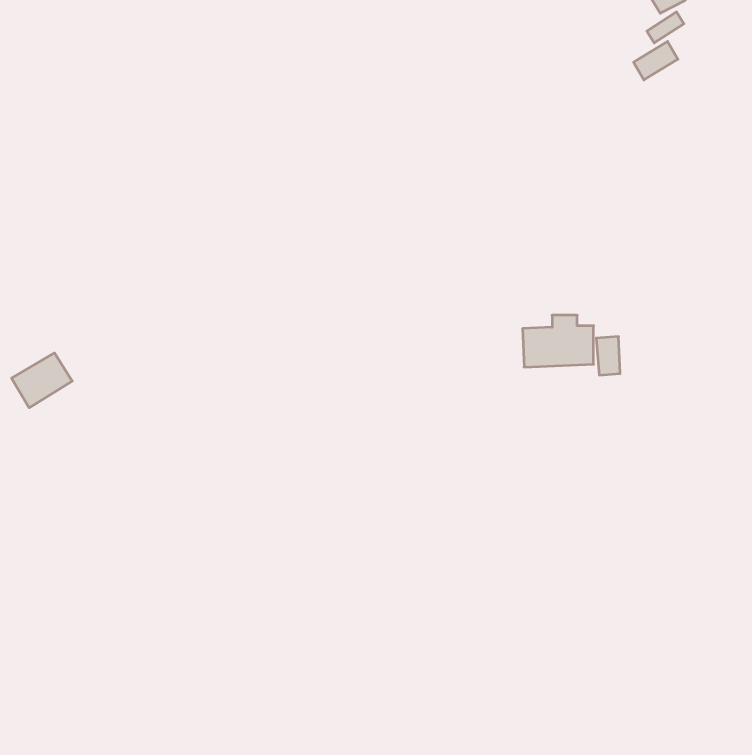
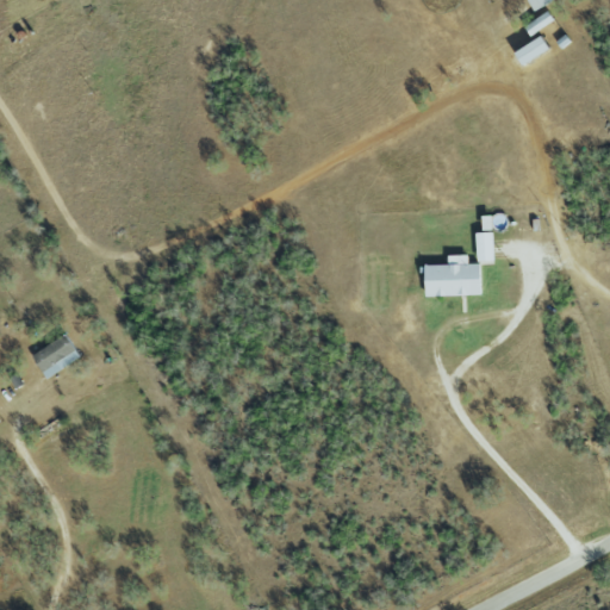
building: [596,337,620,375] -> [475,230,494,261]
building: [12,353,72,408] -> [32,334,81,378]

